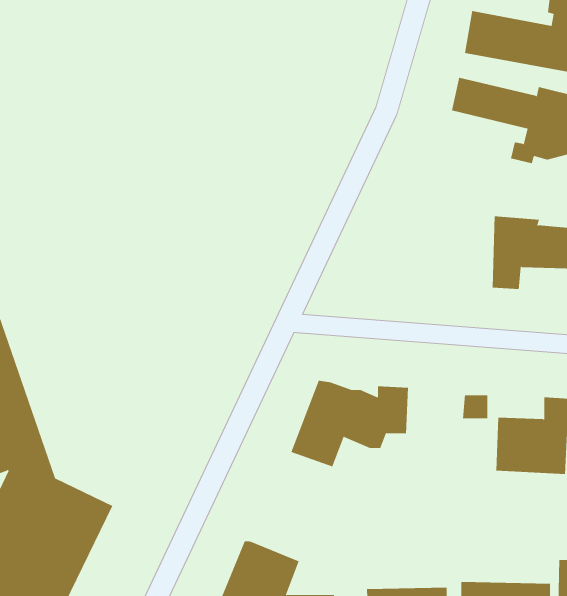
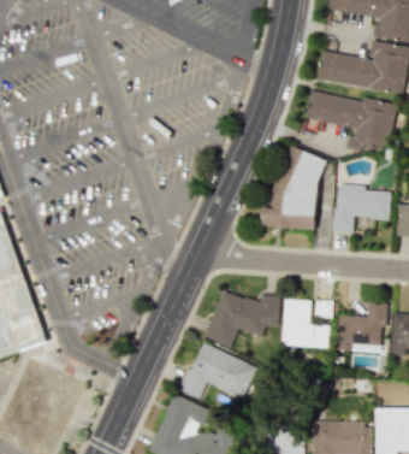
building: none -> [261,145,328,231]
building: none -> [281,300,330,348]
building: none -> [180,342,259,400]

